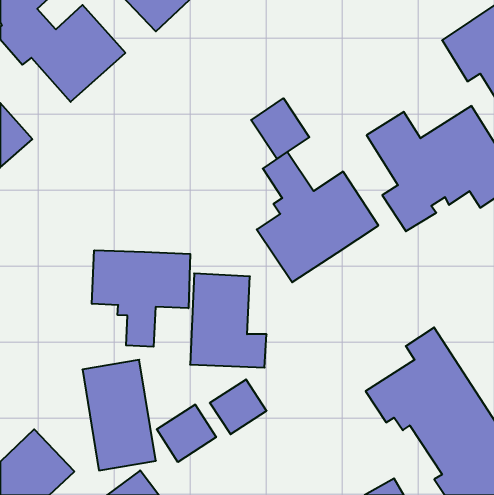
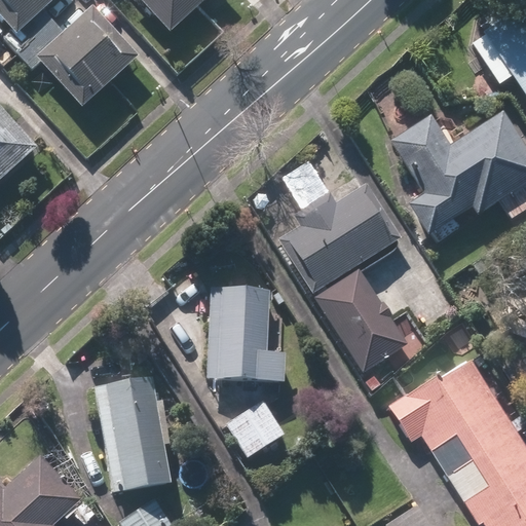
building: [251,98,309,159] -> none
building: [92,250,190,347] -> none
building: none -> [313,265,410,371]
building: [157,404,216,462] -> none

